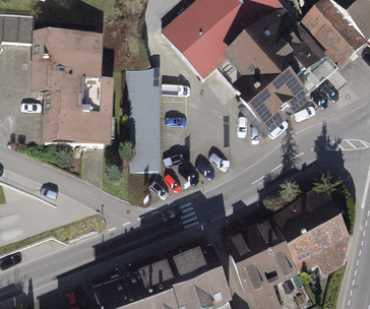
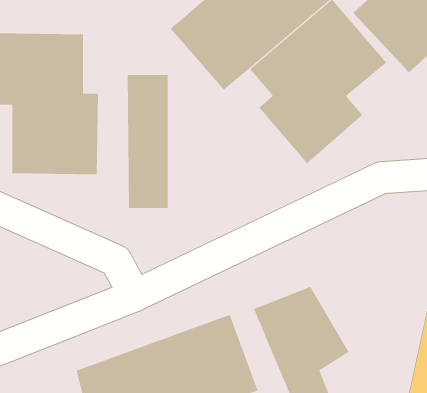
building: [267,191,347,280] -> none

